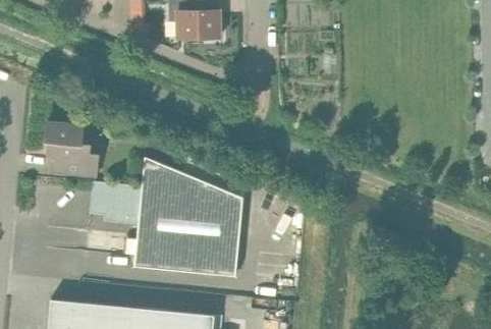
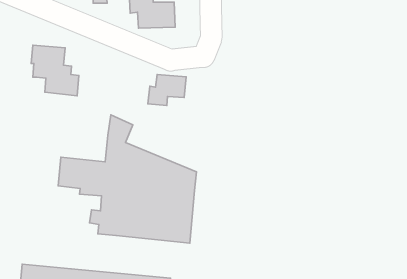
building: none -> [148,74,186,106]
building: [46,121,99,177] -> [31,45,79,96]

